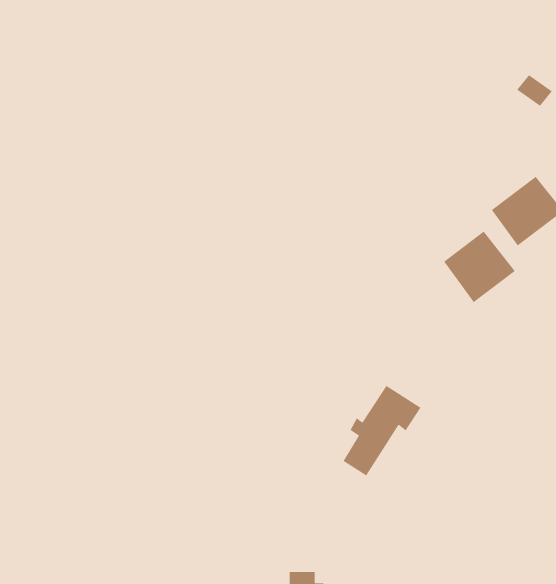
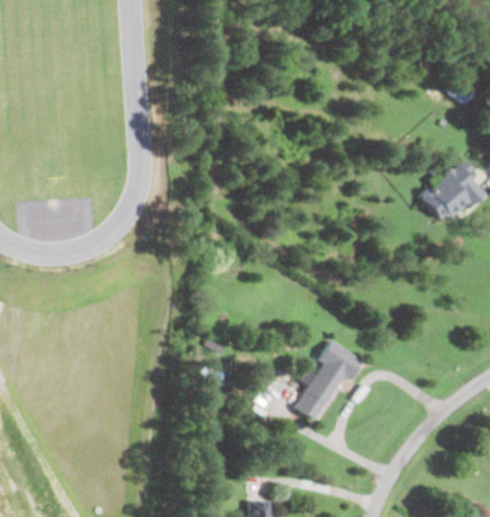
building: [443,230,516,303] -> none

